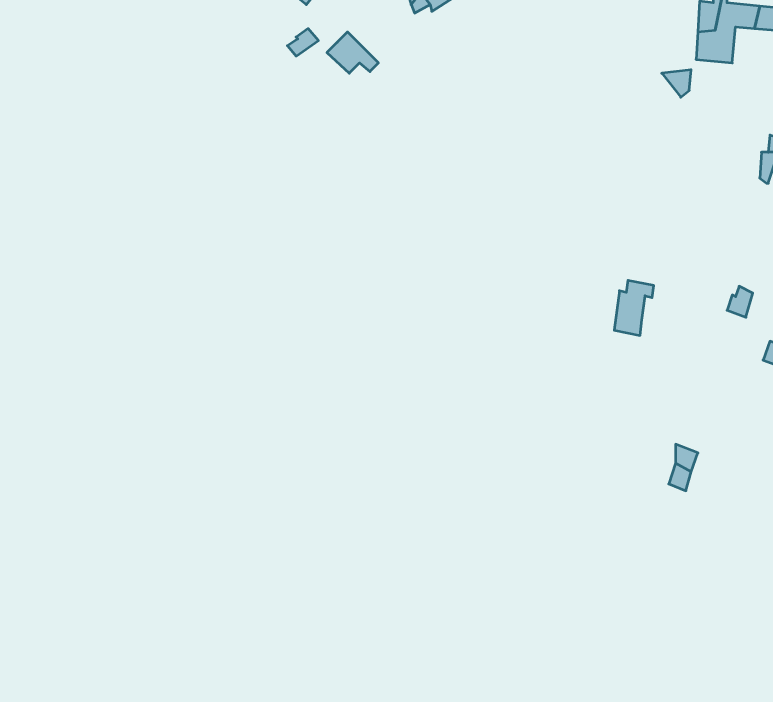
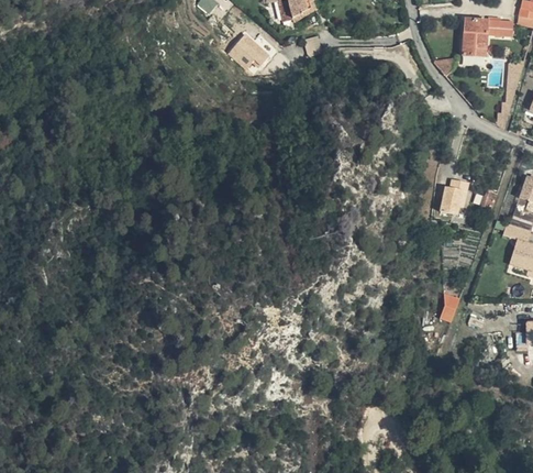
building: [614,280,654,335] -> [445,182,470,217]

